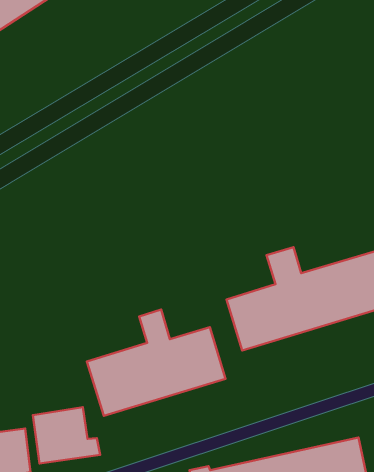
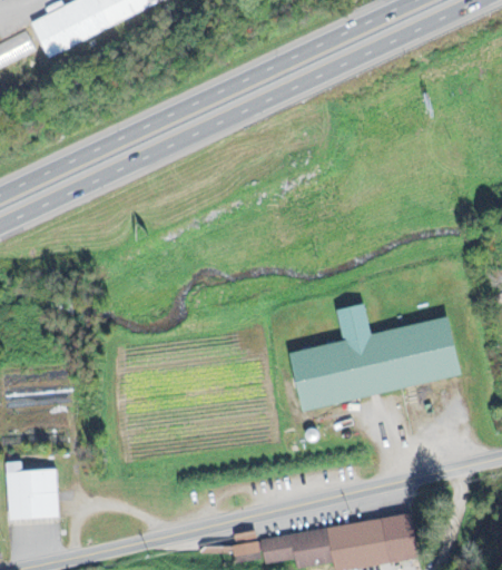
building: [87,310,226,416] -> none
building: [33,407,100,463] -> none

